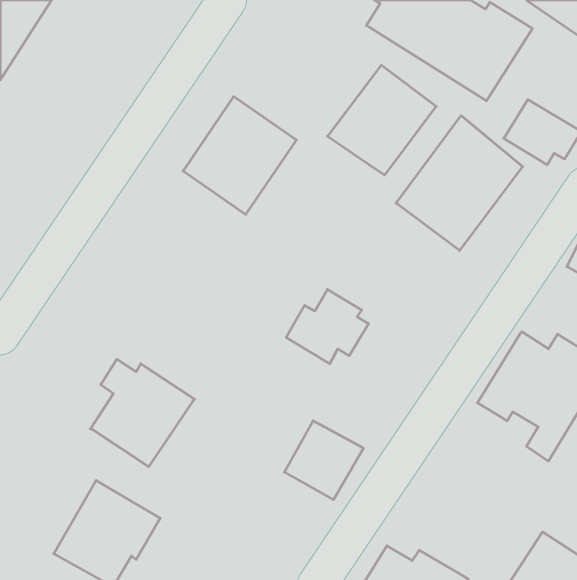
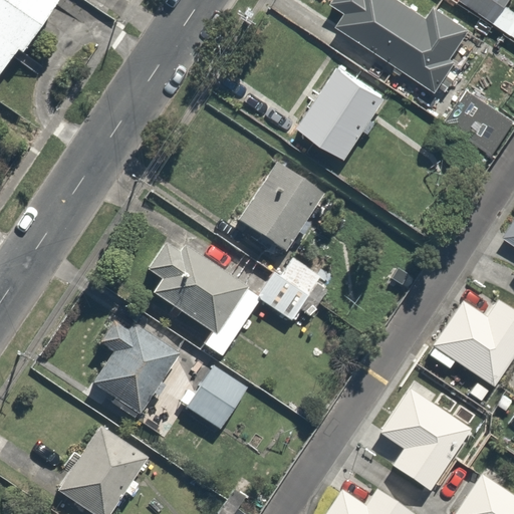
building: [183,97,296,214] -> [230,157,329,260]
building: [396,116,523,251] -> none
building: none -> [141,236,244,334]
building: [284,421,363,500] -> [184,362,253,432]
building: none -> [378,383,475,492]

